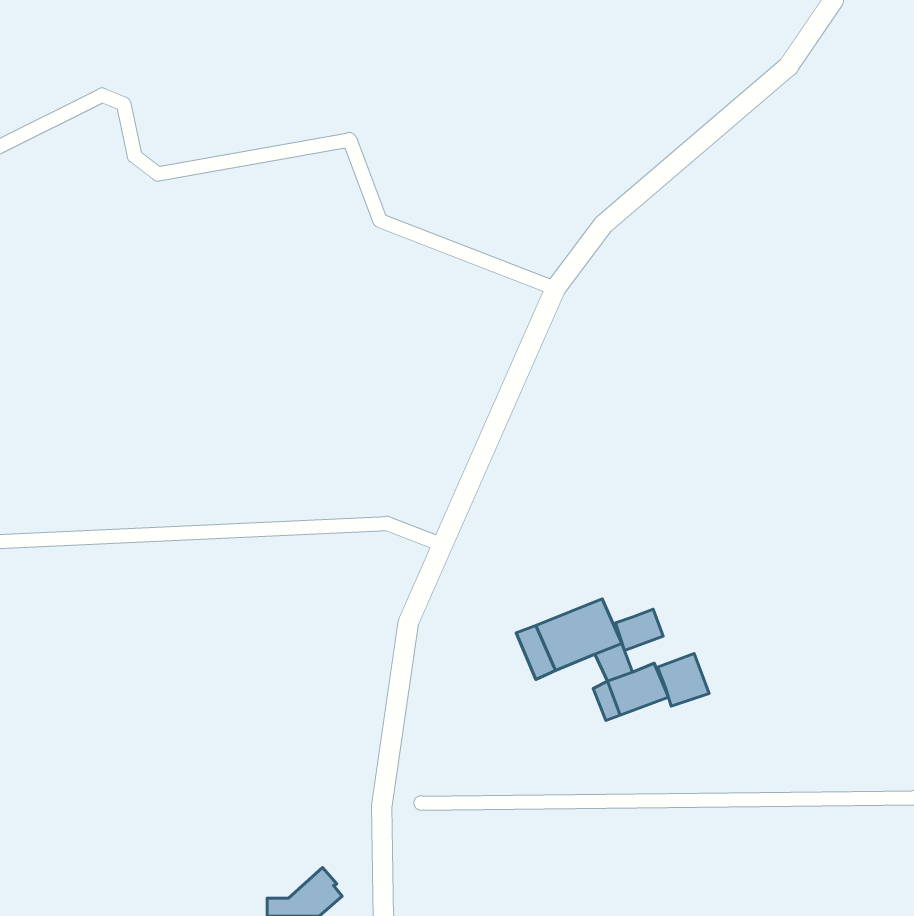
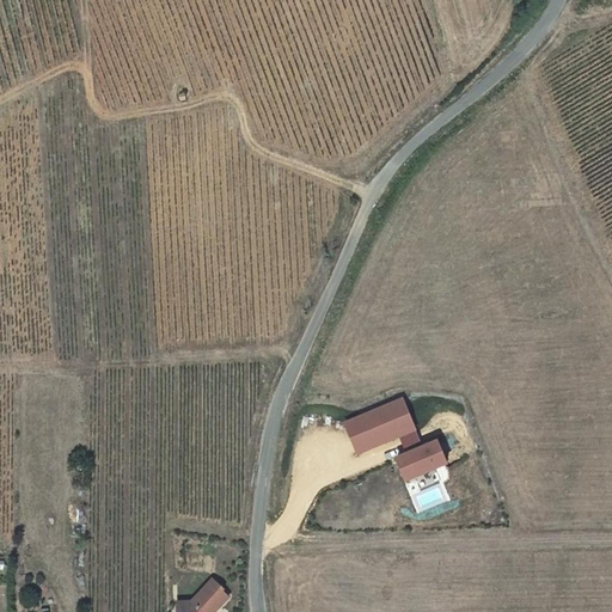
building: [615,609,663,651] -> none
building: [657,653,709,706] -> none

